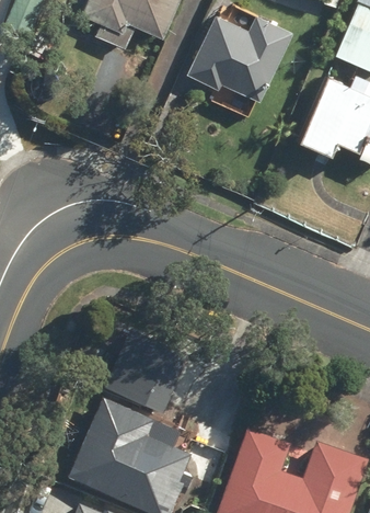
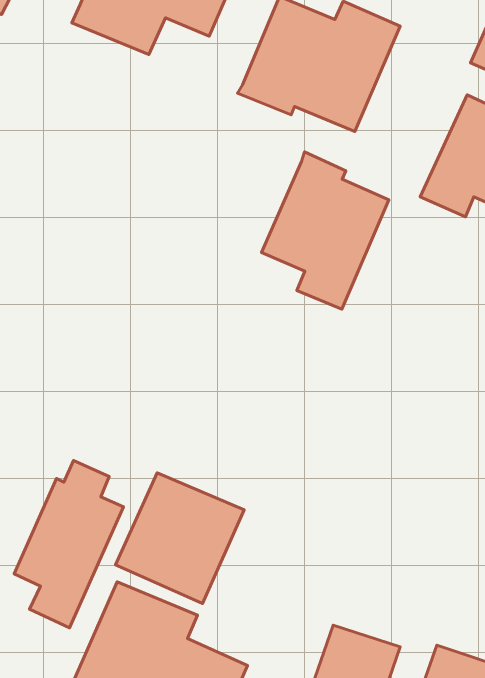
building: none -> [262,152,389,309]
building: none -> [14,461,123,628]

